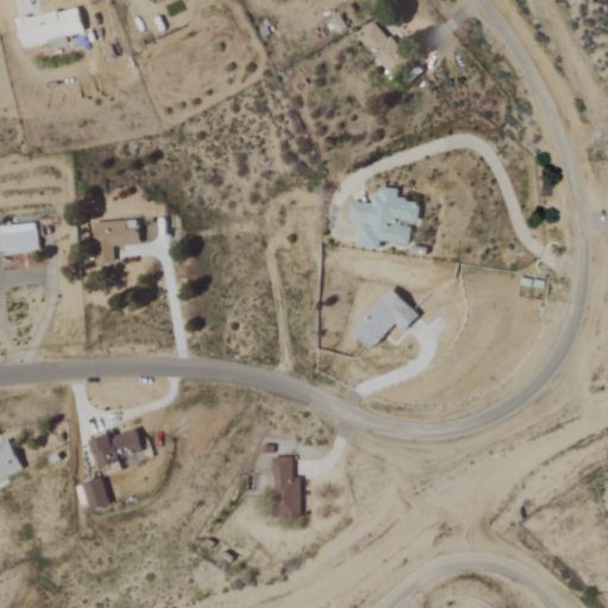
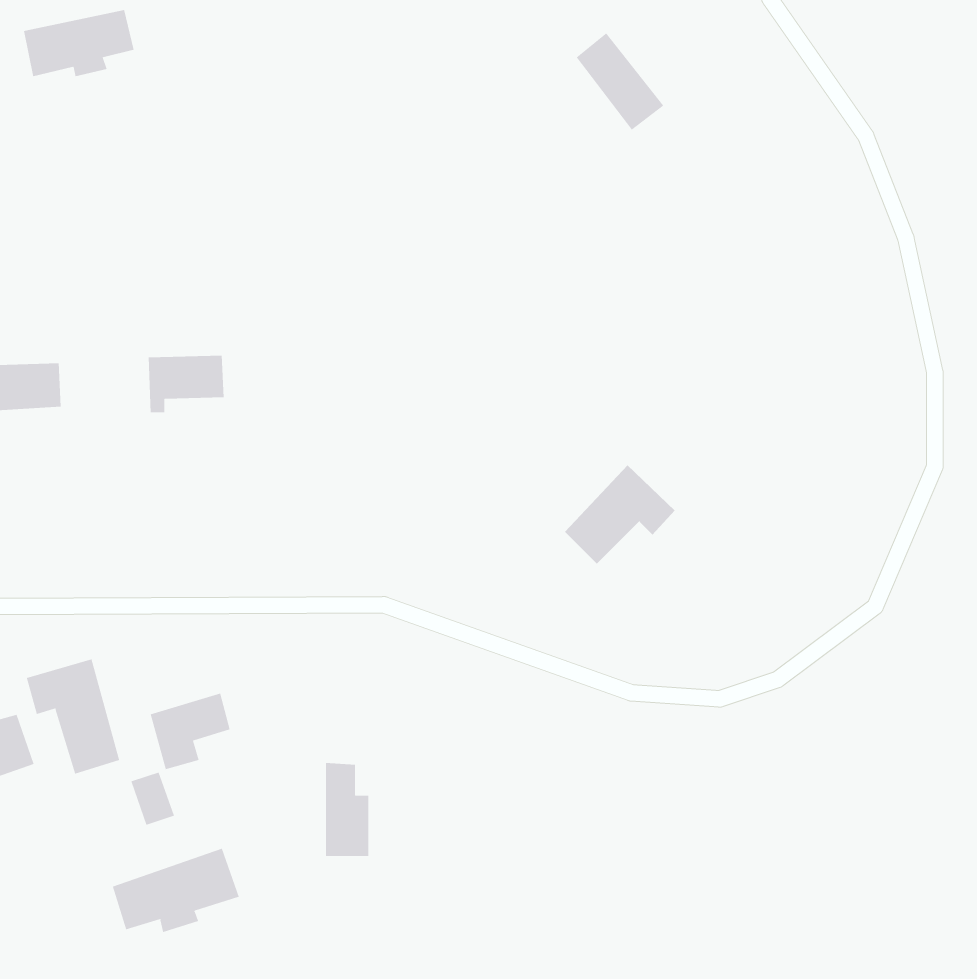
building: [348,186,419,249] -> none
building: none -> [26,659,120,775]
building: [272,457,299,515] -> [325,763,369,857]
building: none -> [112,848,239,933]

